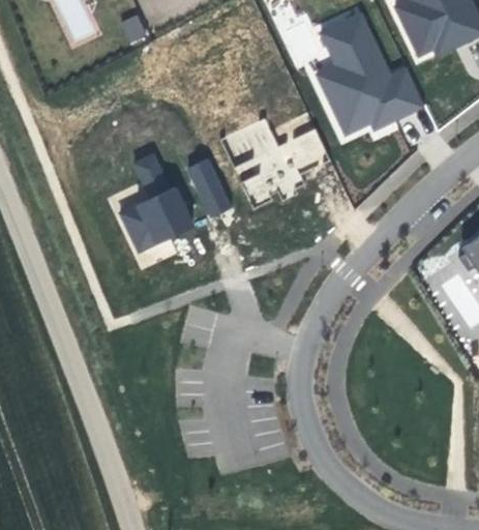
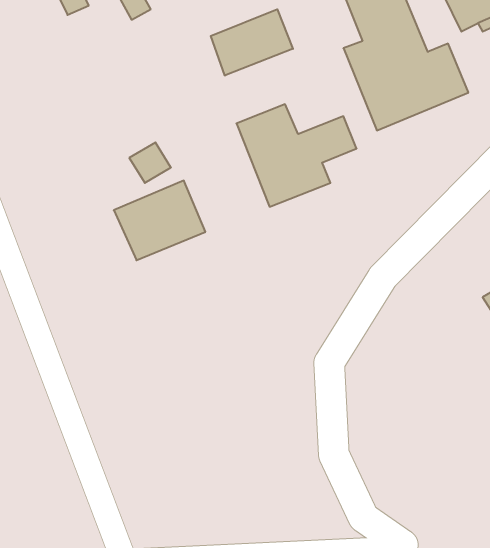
building: none -> [211,9,293,76]
building: [184,157,232,218] -> none

